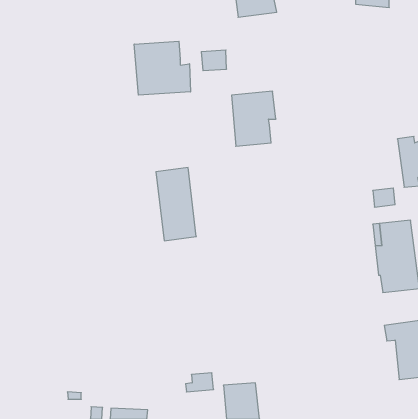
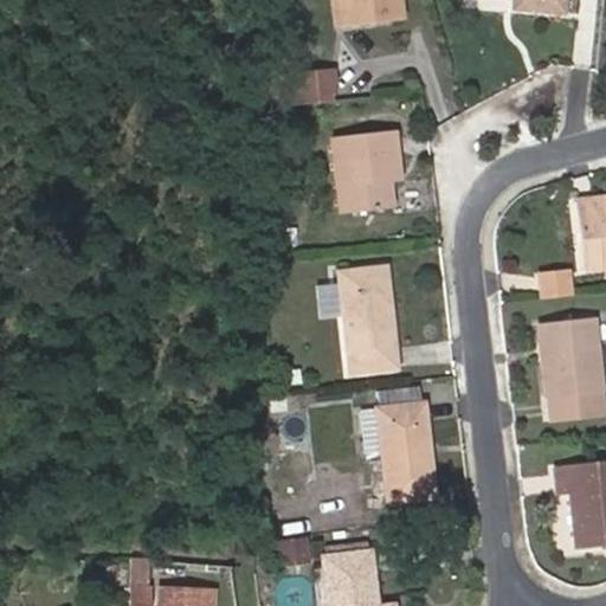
building: [134,41,190,95] -> none
building: [156,168,196,241] -> [340,266,398,372]
building: none -> [378,402,434,499]

